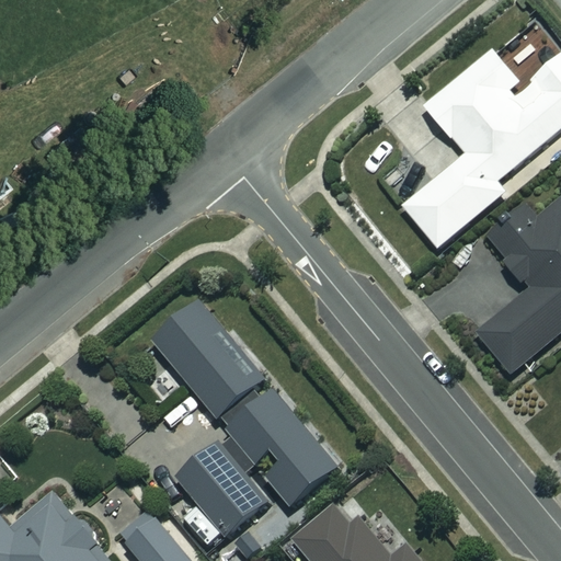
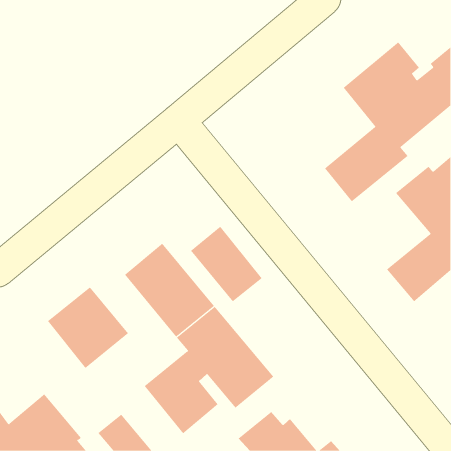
building: none -> [190,226,263,302]
building: none -> [47,286,129,369]

